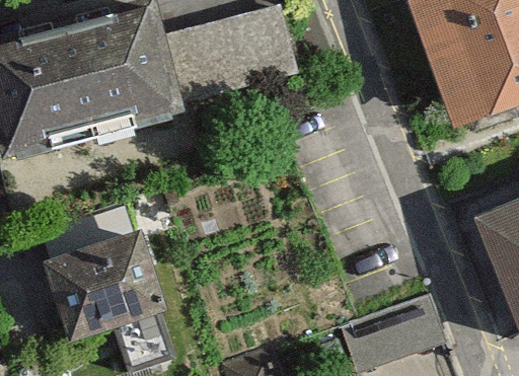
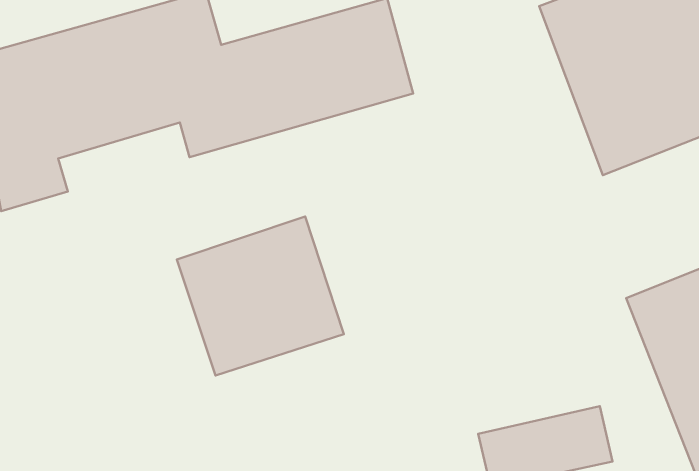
building: [42,226,164,343] -> [177,216,344,376]

